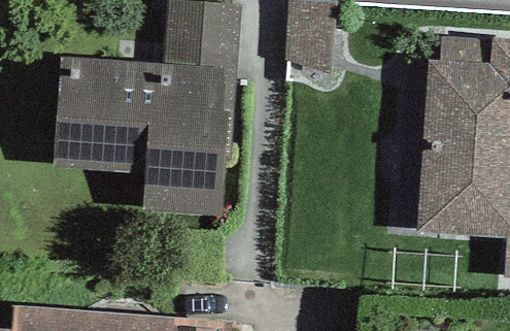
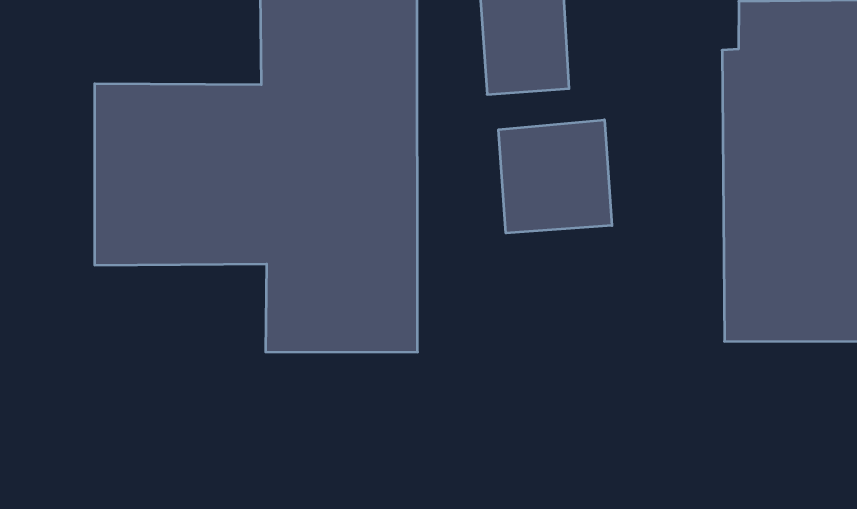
building: none -> [499,120,612,233]

